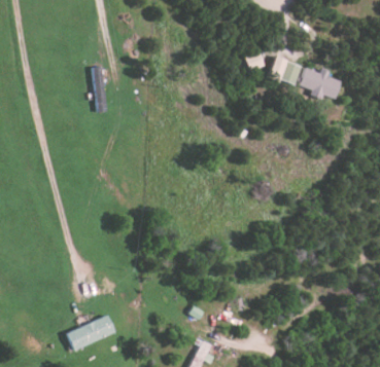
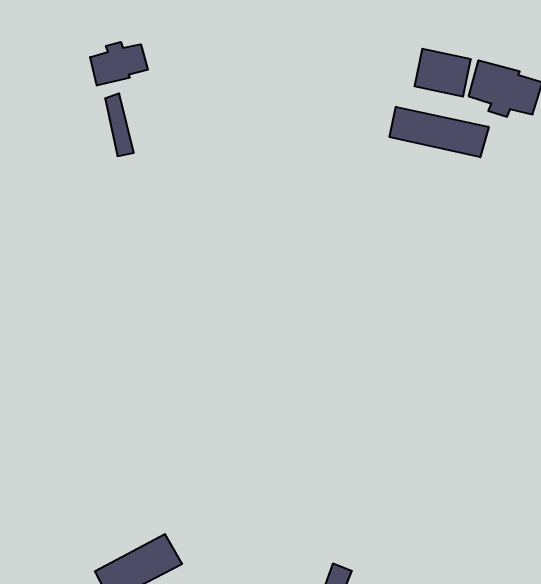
building: none -> [90,42,148,86]
building: none -> [390,107,489,157]

